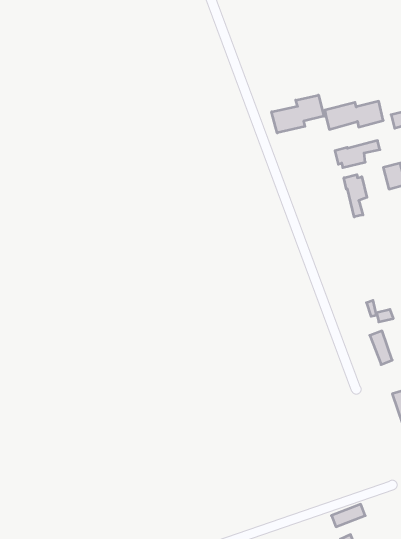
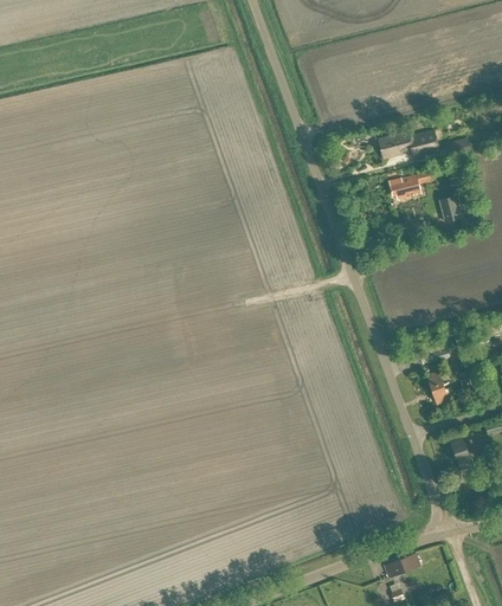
building: [272,95,324,133] -> none
building: [344,175,367,217] -> none

